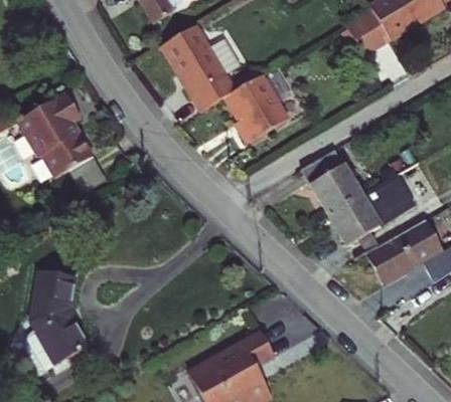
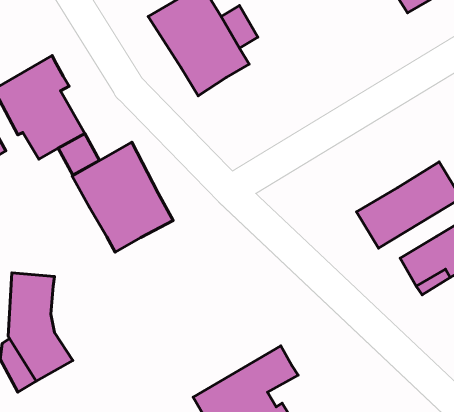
building: [219,81,284,151] -> none
building: [300,148,361,215] -> none
building: none -> [72,142,173,252]

